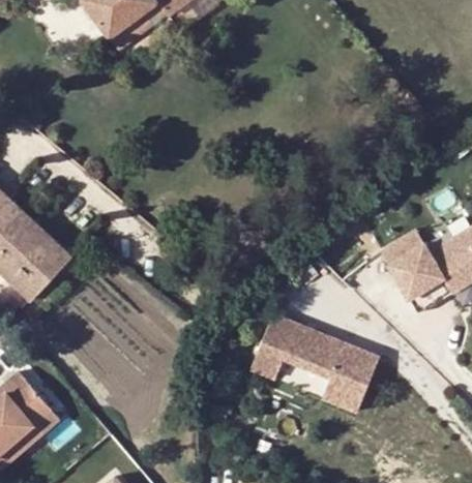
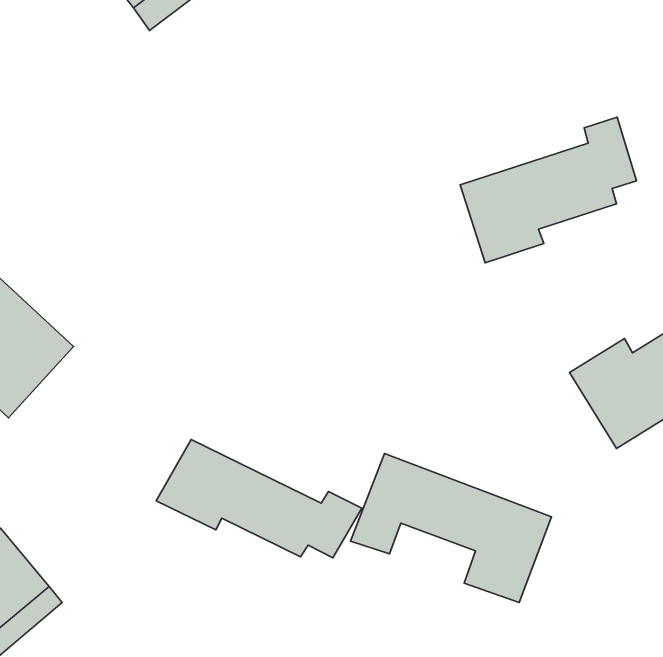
building: none -> [460,117,637,263]
building: none -> [156,439,362,558]

